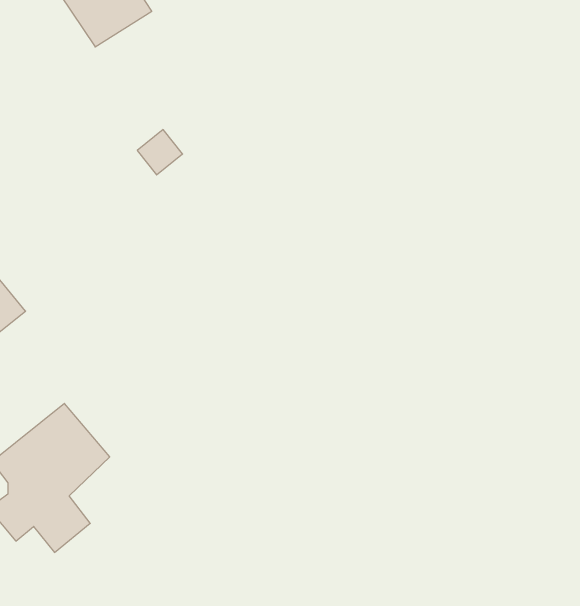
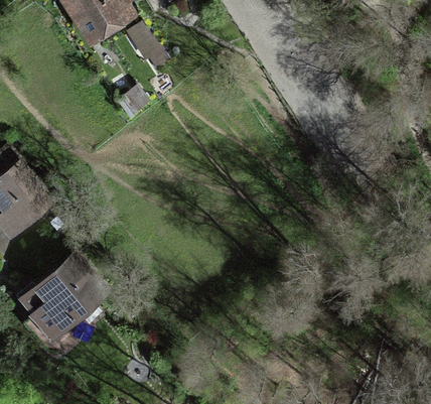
building: none -> [130,17,168,68]

